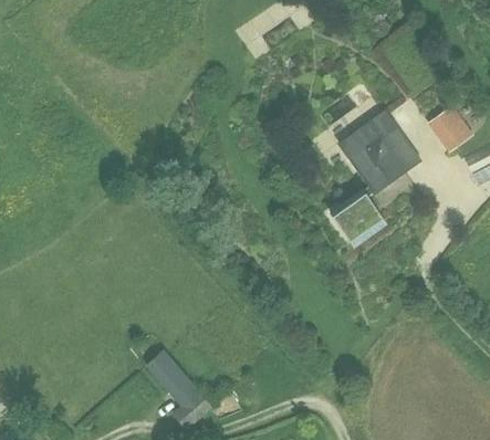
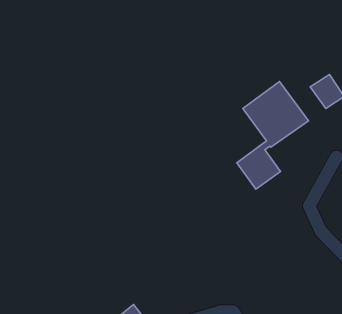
building: [147,352,191,396] -> none

